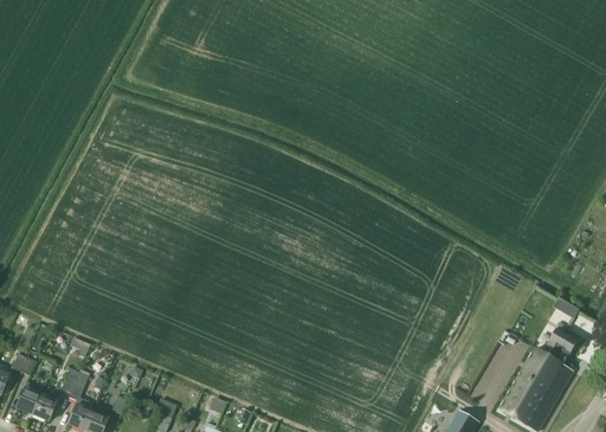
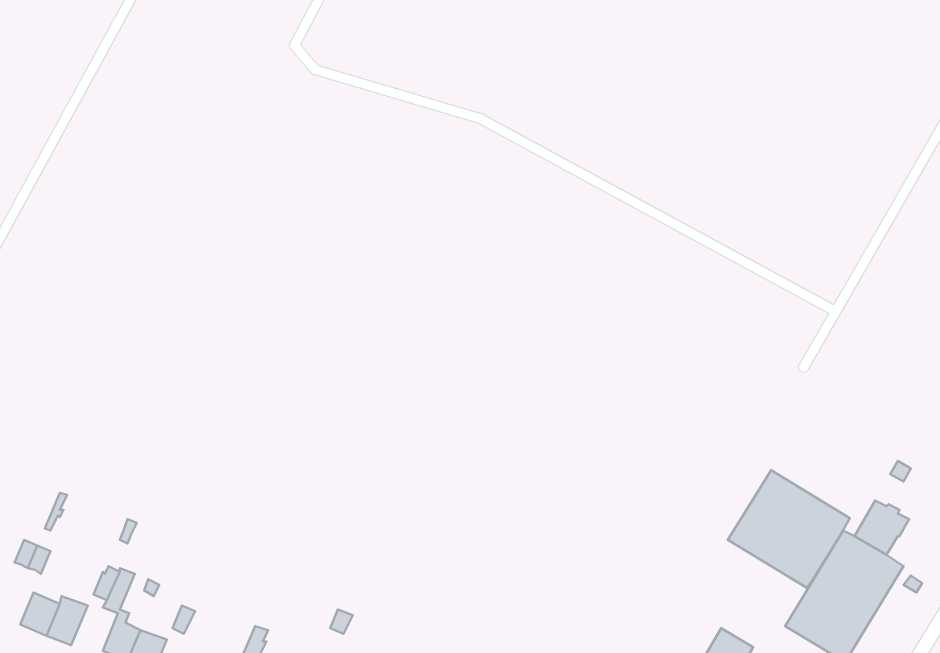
building: none -> [728,470,850,588]

